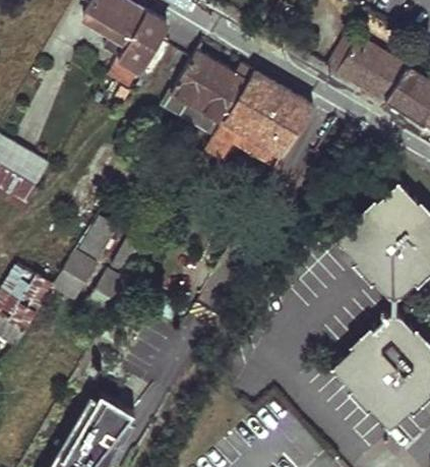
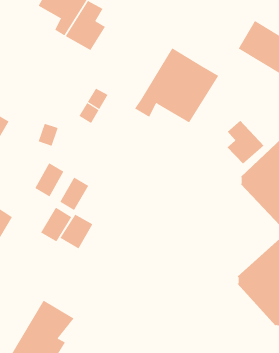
building: [161,50,254,137] -> none
building: none -> [227,120,265,165]
building: [53,255,96,300] -> [59,214,93,249]

